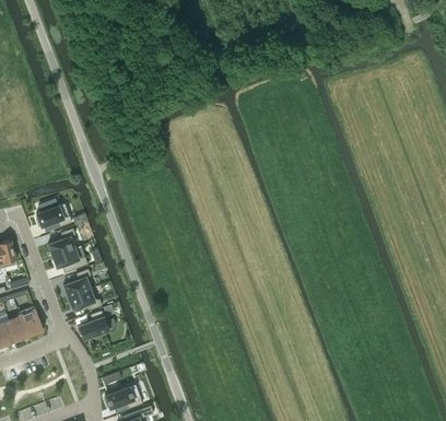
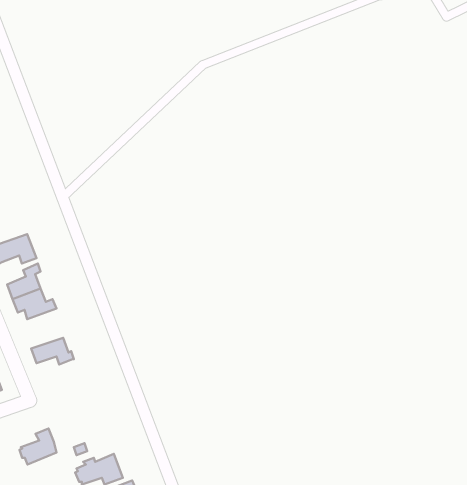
building: [62,268,91,297] -> none
building: [77,311,107,340] -> [19,428,57,464]

